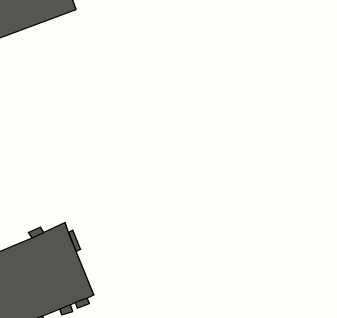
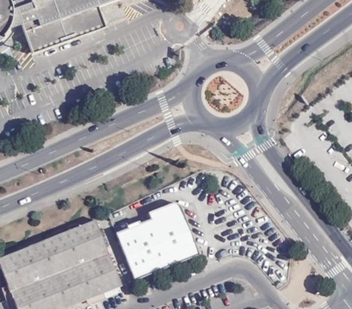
building: none -> [118,201,201,276]

